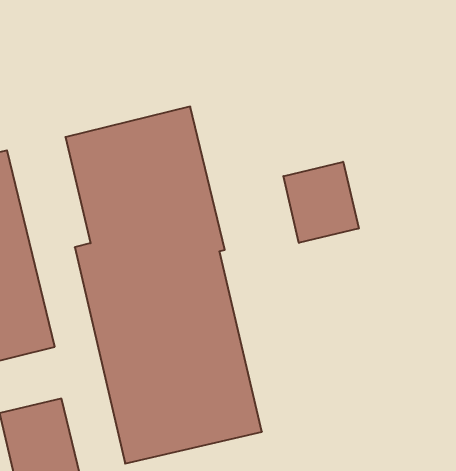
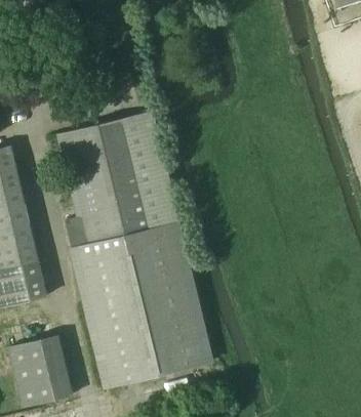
building: [283,162,359,243] -> none

